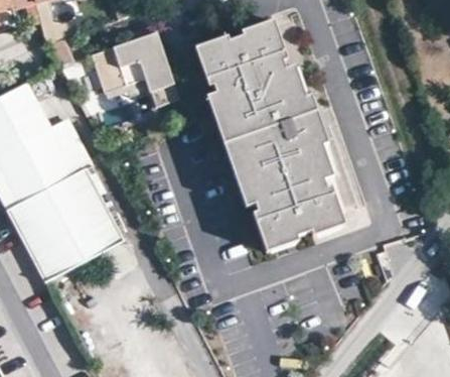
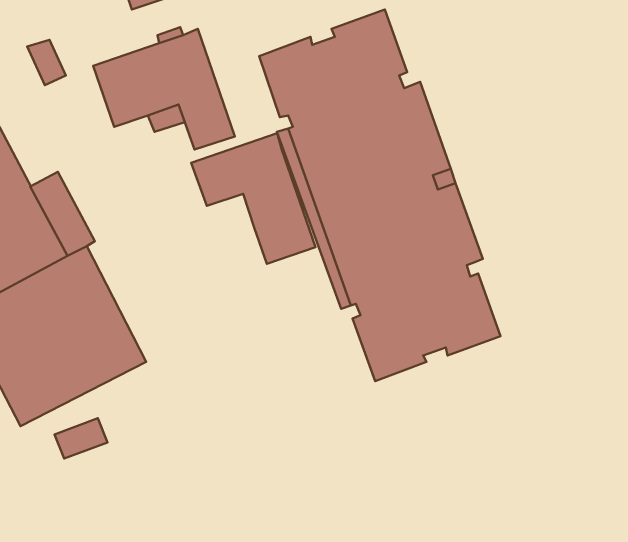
building: none -> [191,133,316,264]

